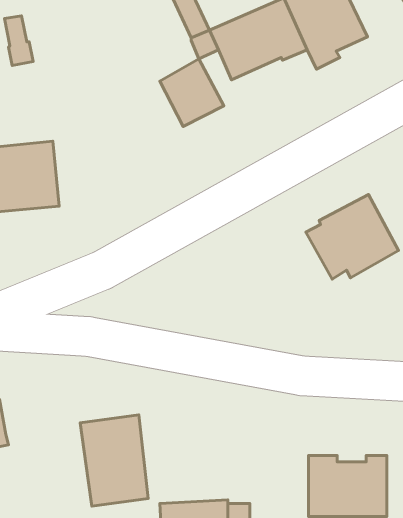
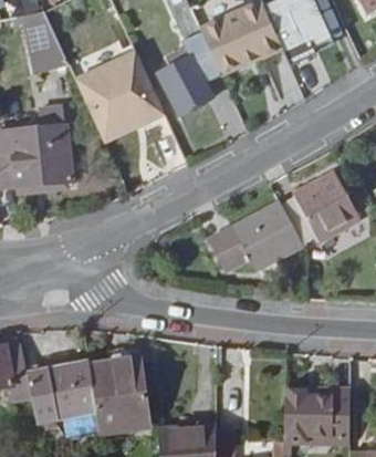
building: none -> [72,45,164,139]
building: none -> [209,199,304,271]
building: none -> [28,362,97,424]

